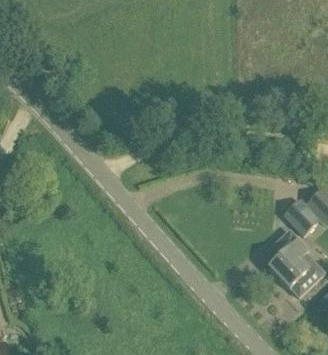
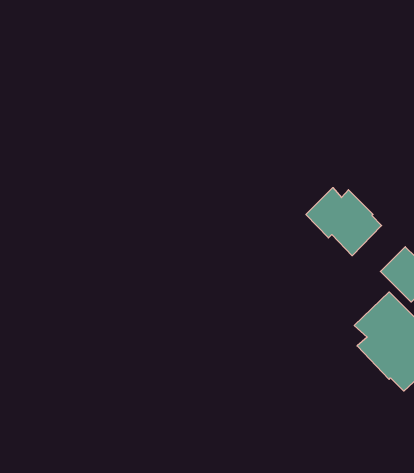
building: none -> [306,188,382,256]

